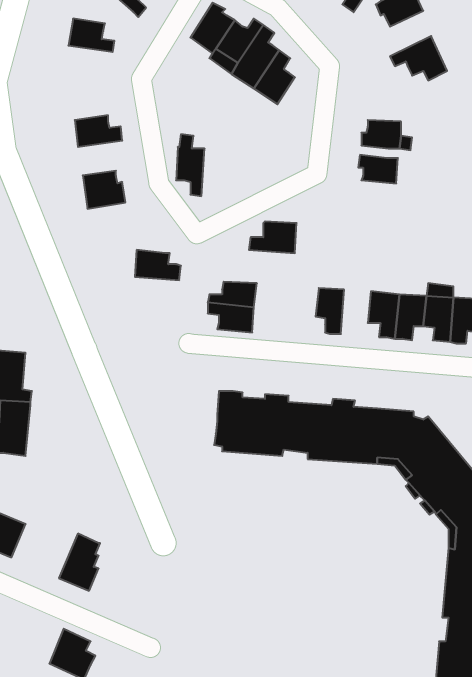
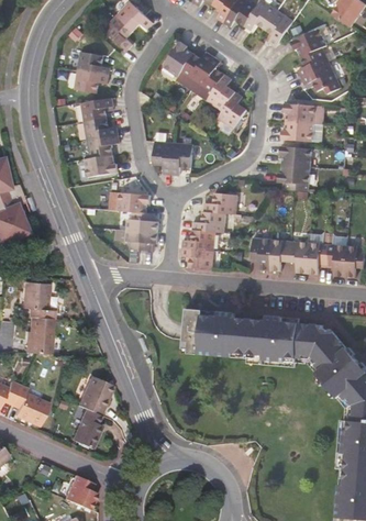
building: none -> [299,46,331,77]
building: none -> [76,69,110,92]
building: none -> [219,91,247,129]
building: none -> [80,97,112,121]
building: none -> [285,102,312,122]
building: none -> [86,135,118,159]
building: none -> [171,141,193,174]
building: none -> [278,163,307,190]
building: none -> [120,190,149,213]
building: none -> [187,210,220,235]
building: none -> [123,230,156,250]
building: none -> [268,239,289,270]
building: none -> [79,376,113,414]

